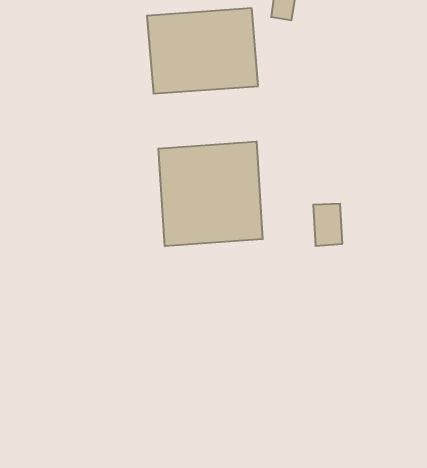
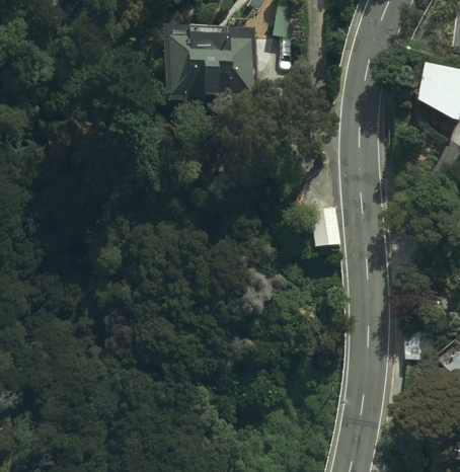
building: [159,141,263,246] -> none

